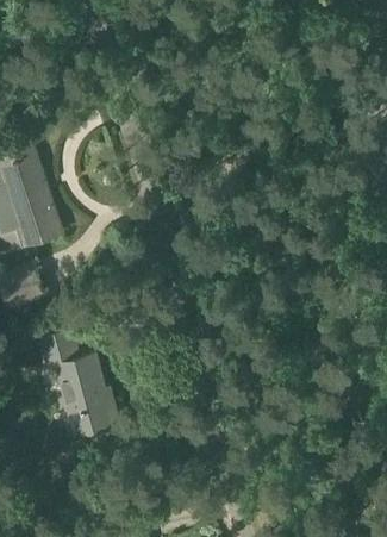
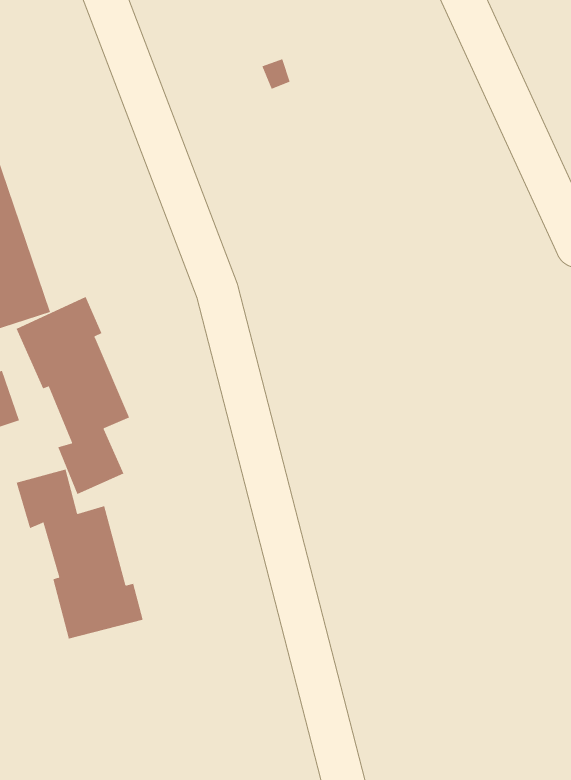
building: none -> [16,296,130,495]

